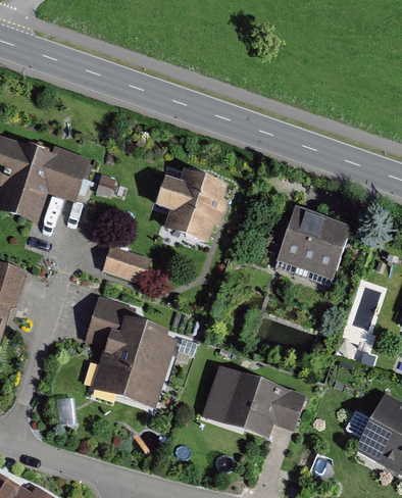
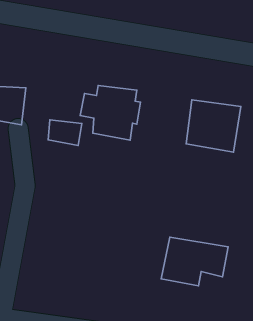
building: [104,246,149,284] -> [48,120,82,145]
building: [88,296,178,407] -> none

